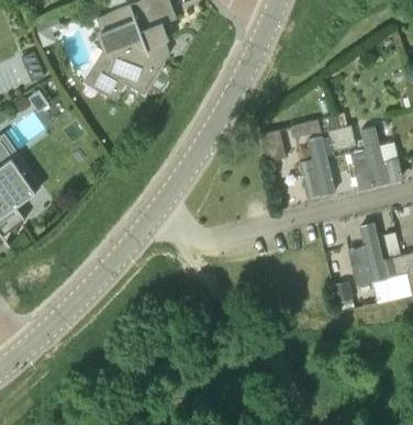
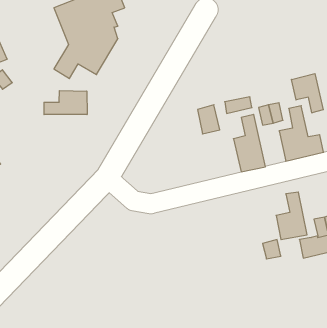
building: none -> [291,74,323,113]
building: none -> [44,91,87,115]

